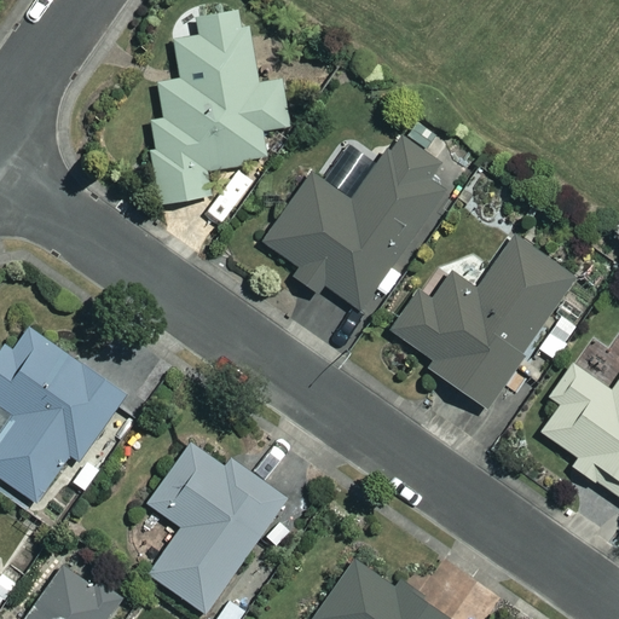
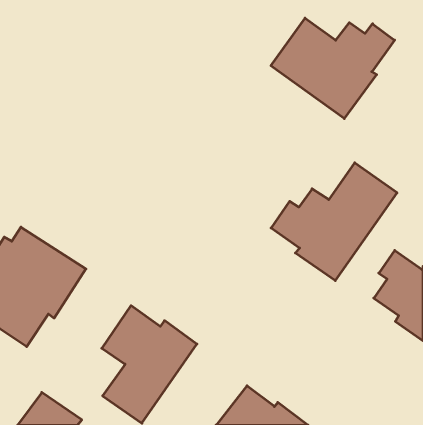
building: [151,8,287,206] -> none
building: none -> [271,18,395,119]
building: [264,134,457,310] -> none

